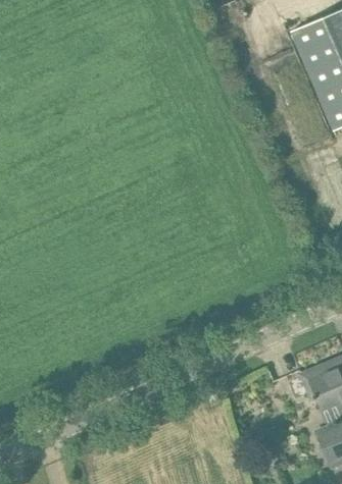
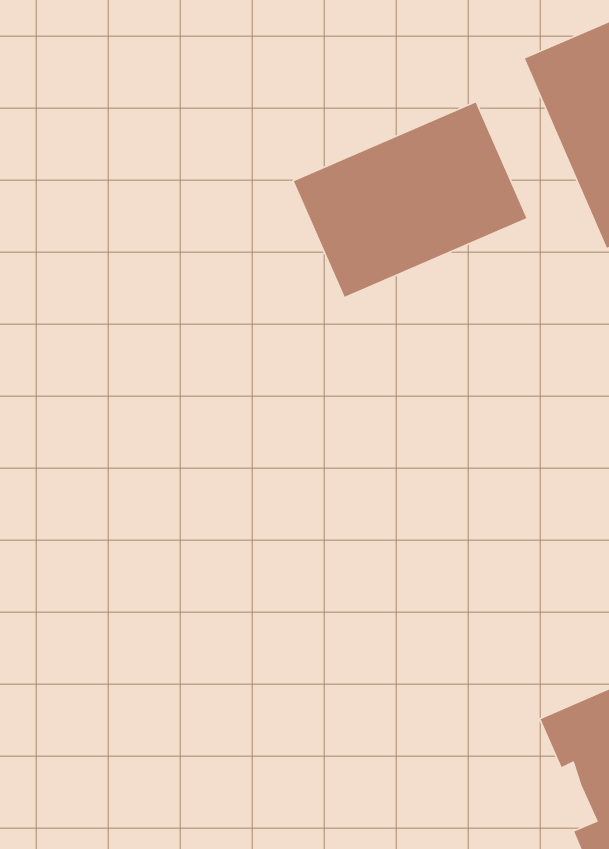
building: none -> [293,101,527,298]

